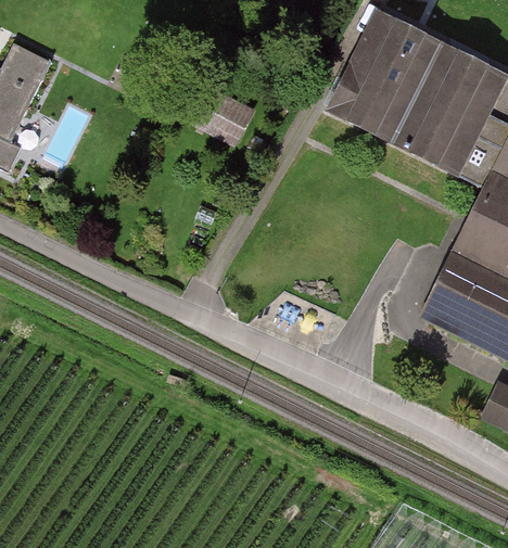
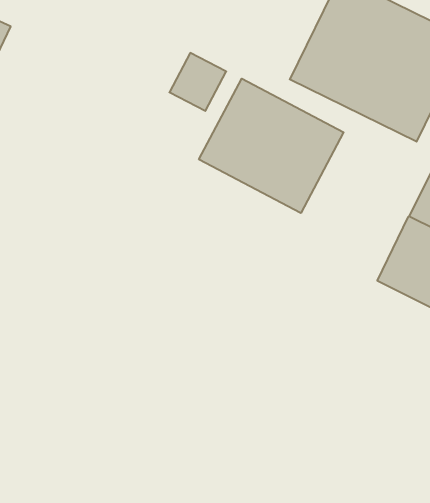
building: none -> [199,79,344,213]

